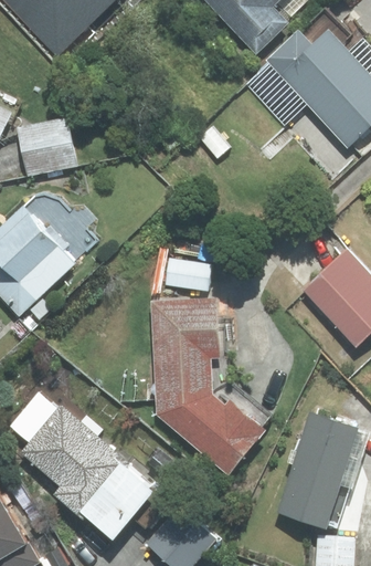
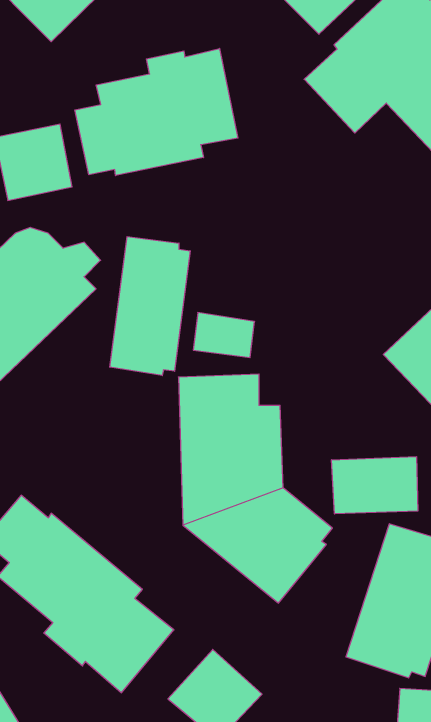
building: none -> [75,48,238,176]
building: none -> [110,237,190,376]
building: none -> [332,457,418,514]

